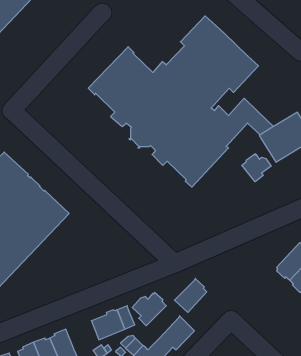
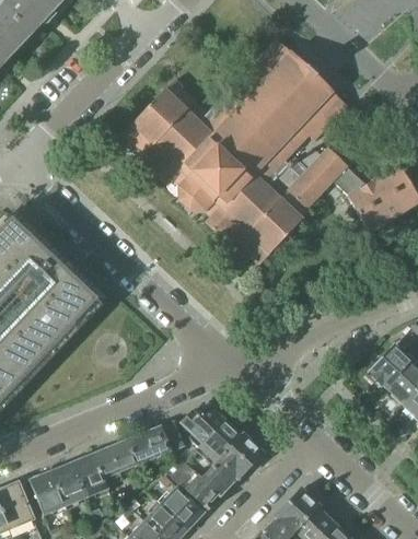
building: [242,154,271,182] -> none
building: [174,278,207,312] -> [199,419,242,464]
building: none -> [93,441,137,479]

